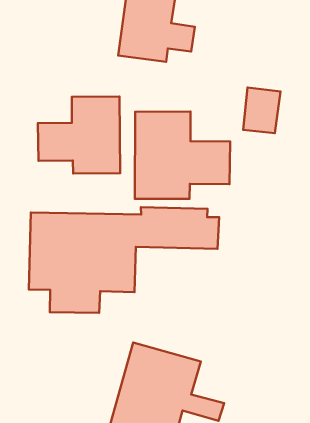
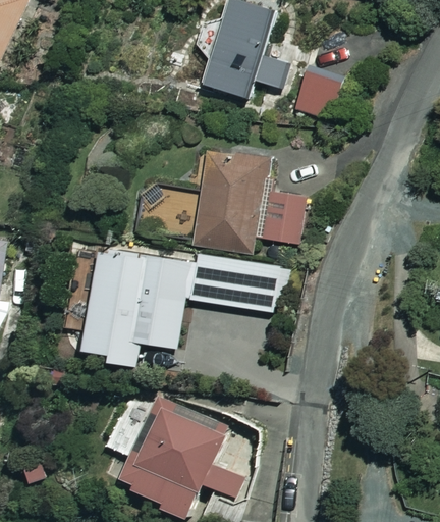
building: [243,87,281,133] -> [295,64,343,119]
building: [38,97,120,173] -> none

